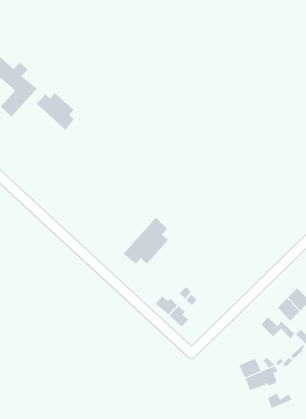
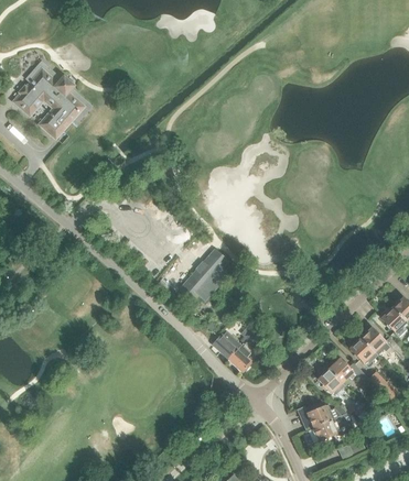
building: [36,92,74,130] -> none
building: none -> [315,365,346,395]

